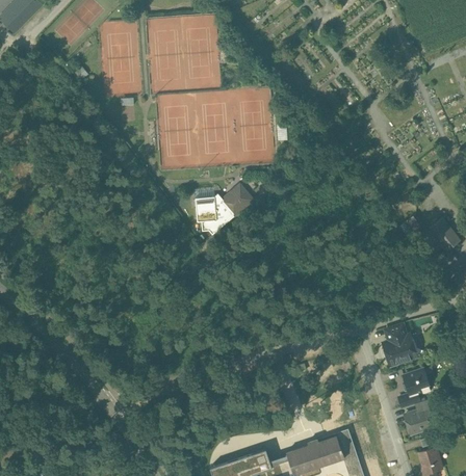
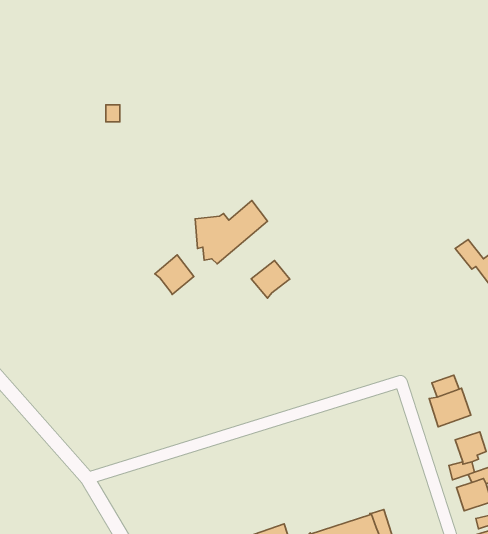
building: none -> [155,255,194,294]
building: none -> [251,261,290,298]

